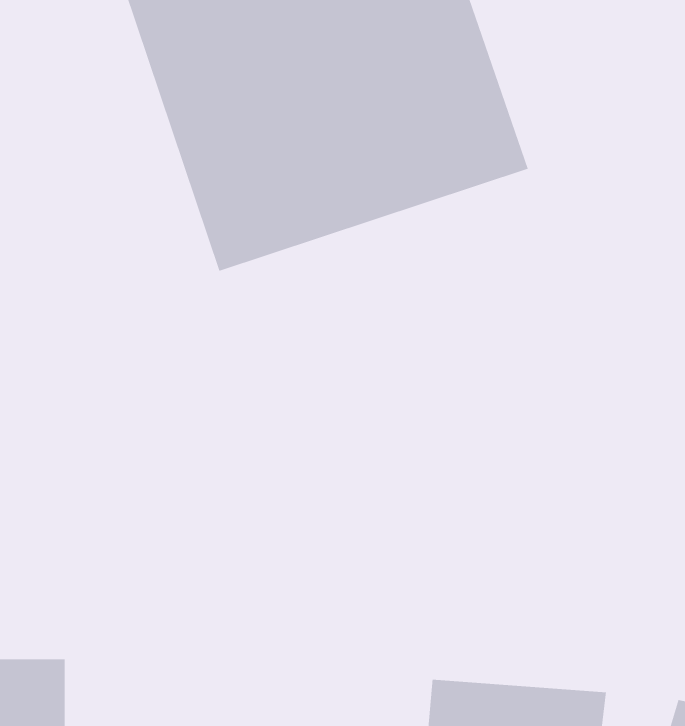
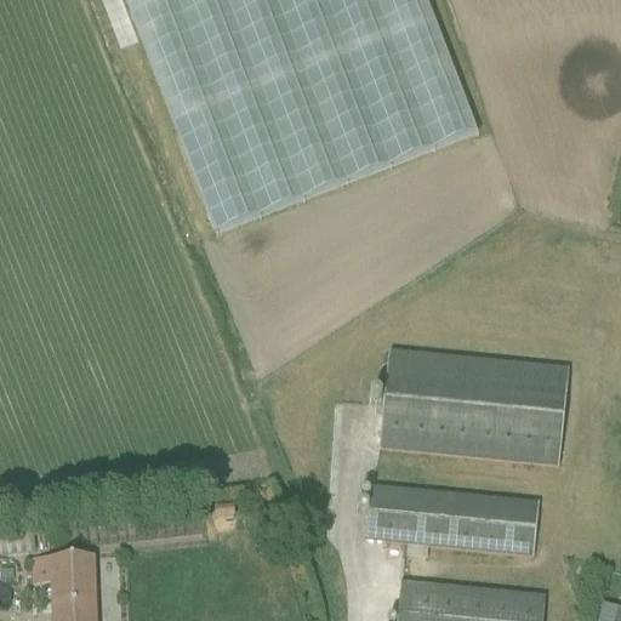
building: none -> [381,349,566,461]
building: none -> [368,484,540,557]

